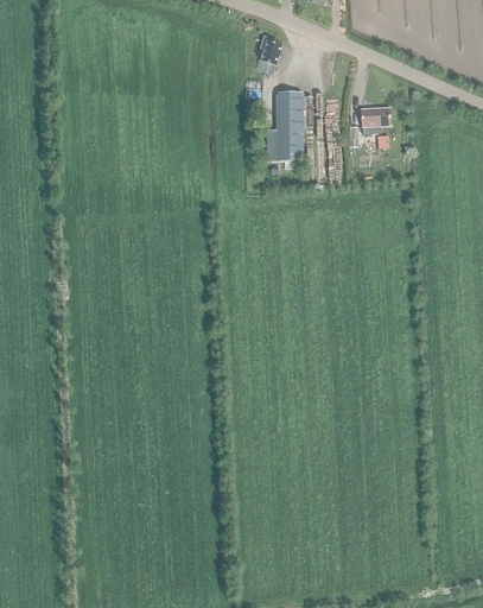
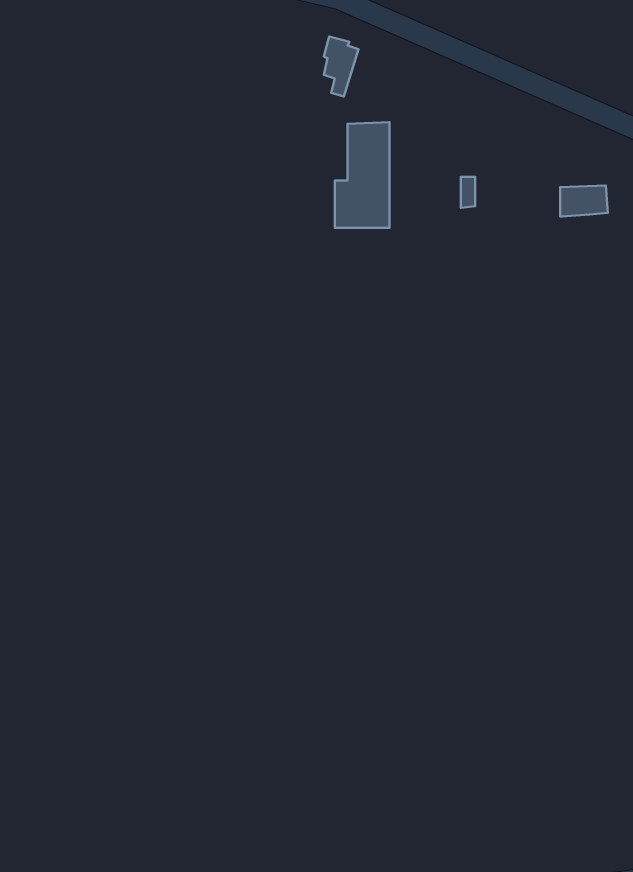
building: [361,106,392,126] -> [560,185,608,216]

